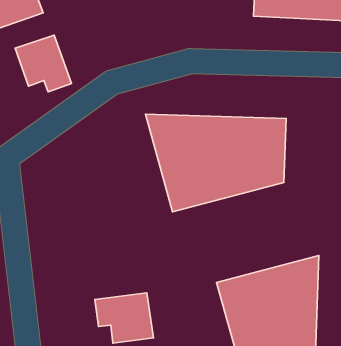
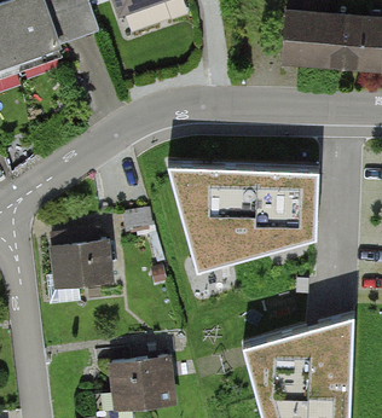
building: [15,35,71,92] -> none
building: none -> [47,243,114,285]

